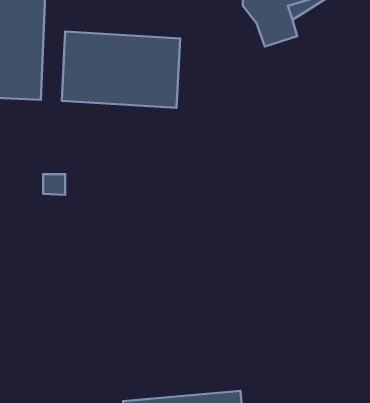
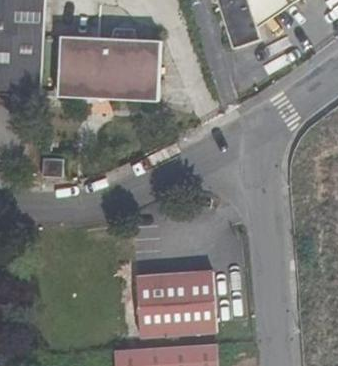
building: none -> [135,268,217,336]

